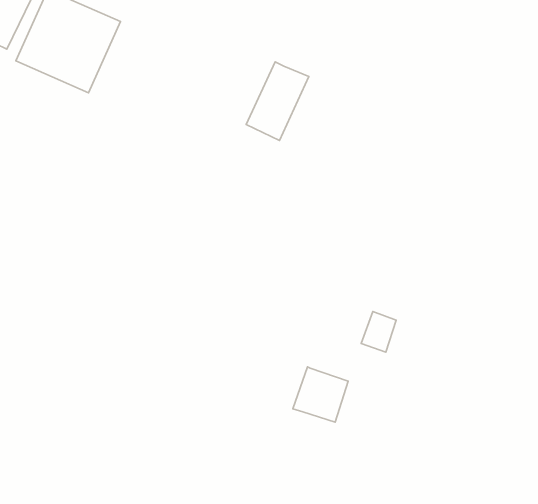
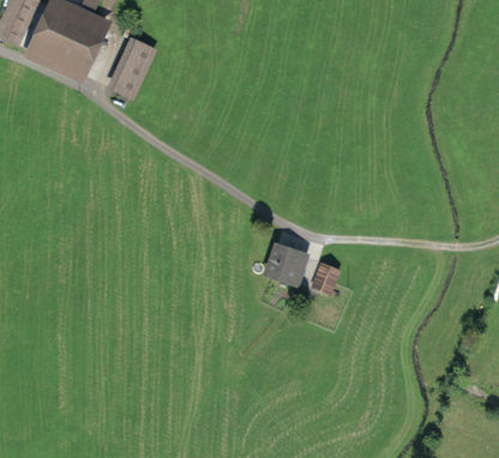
building: [246,62,309,140] -> [107,36,158,101]
building: [293,367,348,422] -> [264,242,309,288]

